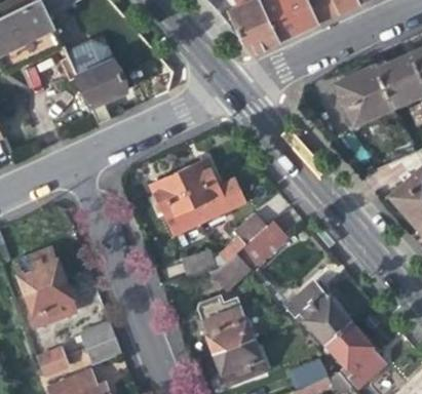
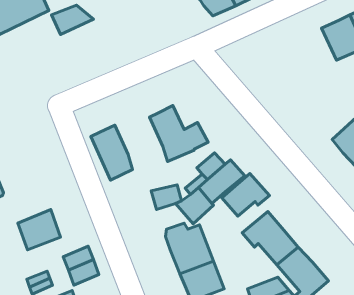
building: [76,58,128,123] -> none
building: [335,65,394,124] -> none
building: [151,171,199,235] -> [91,125,133,180]
building: none -> [222,174,269,216]
building: [14,247,65,293] -> none

